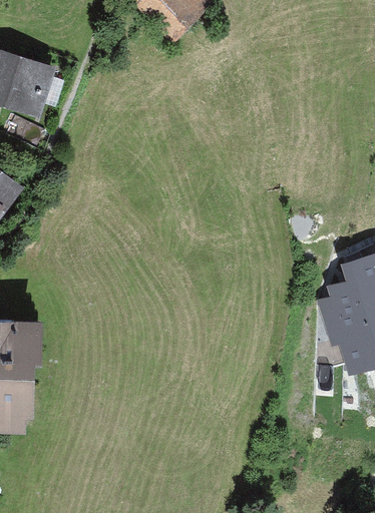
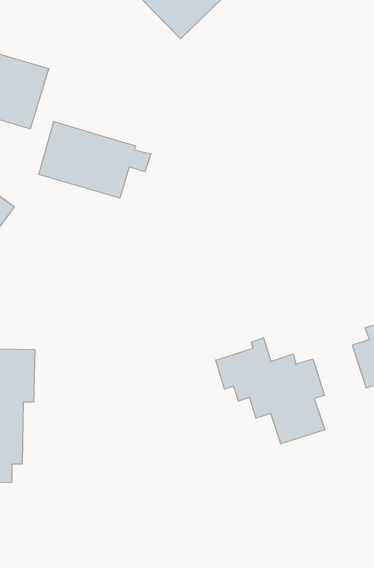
building: none -> [39,121,151,198]
building: none -> [216,338,325,444]

